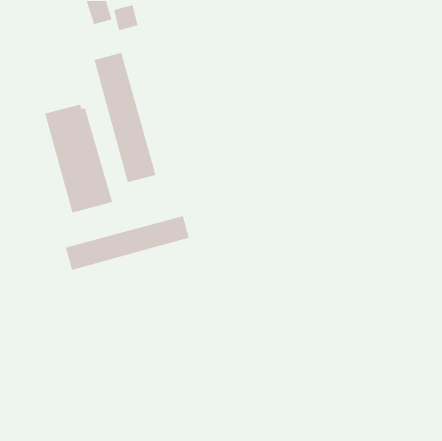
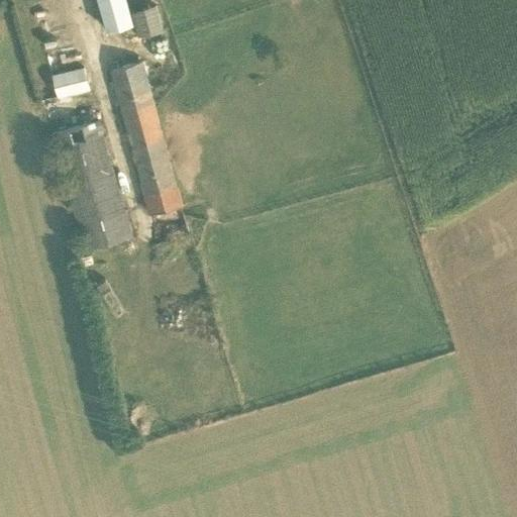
building: none -> [53,67,90,99]
building: [65,215,190,271] -> none

